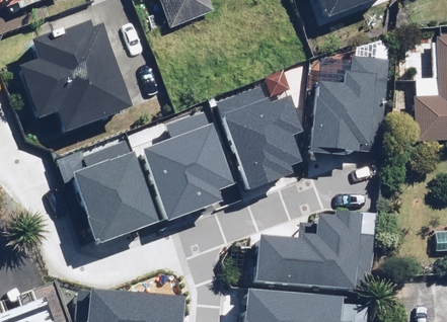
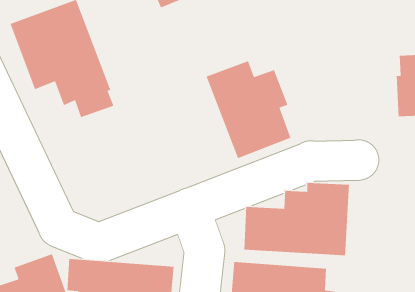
building: [309,51,392,157] -> none
building: [143,108,237,217] -> none
building: [73,148,158,239] -> none

